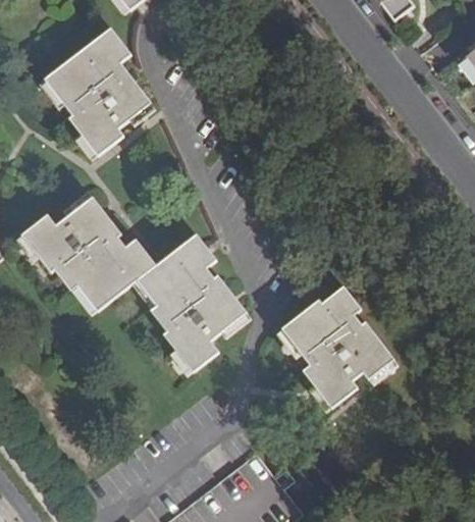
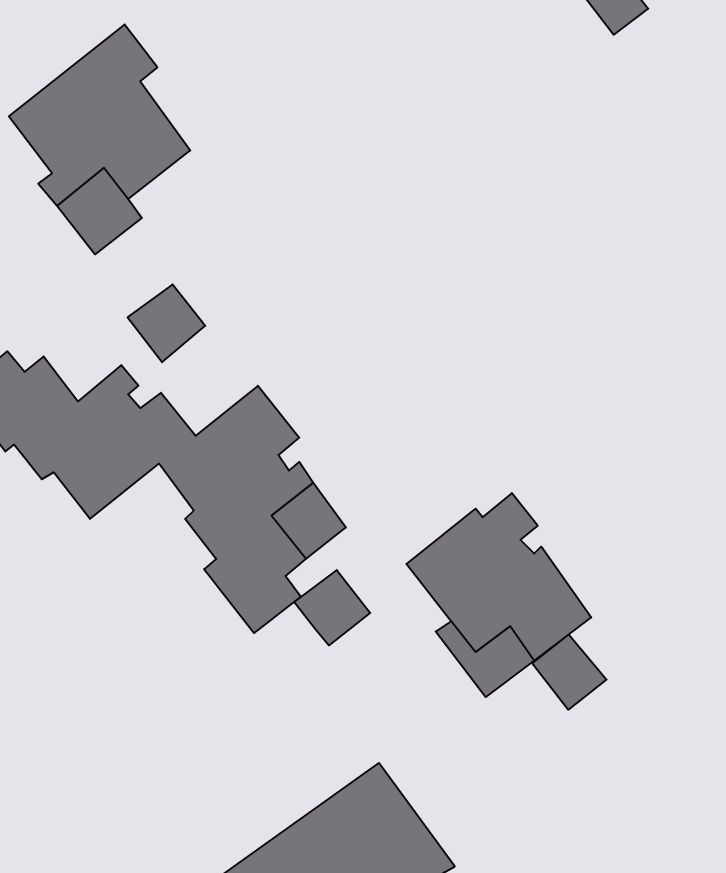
building: [66,195,112,241] -> [128,284,205,362]
building: none -> [294,570,370,645]
building: none -> [532,635,607,710]

